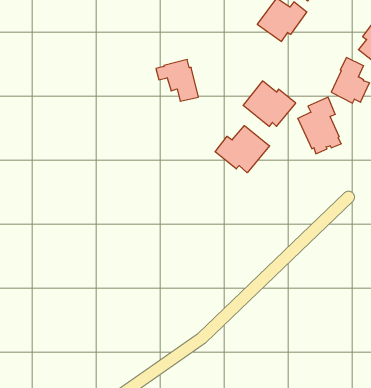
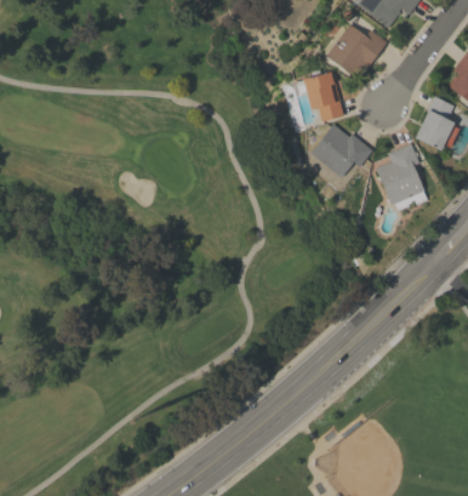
building: [156,60,198,101] -> [292,72,343,121]
building: [215,126,270,173] -> none

